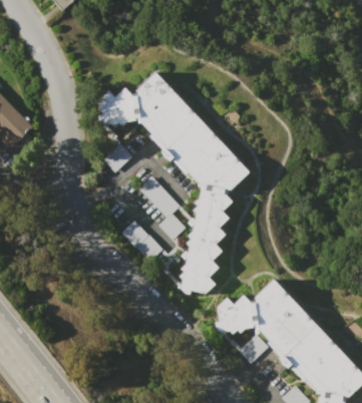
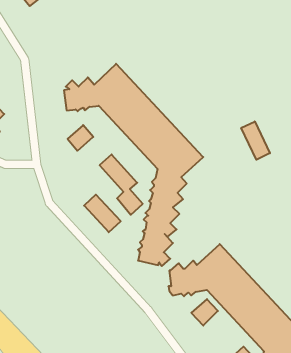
building: none -> [241,121,270,160]

